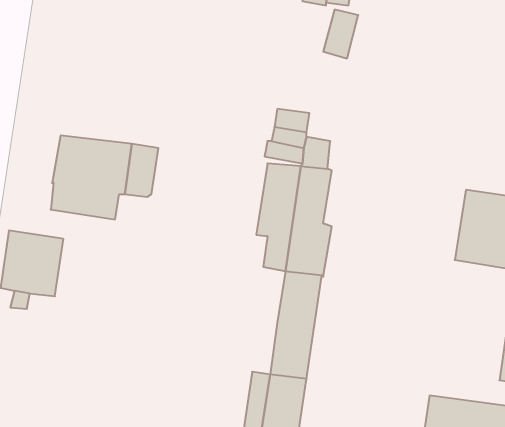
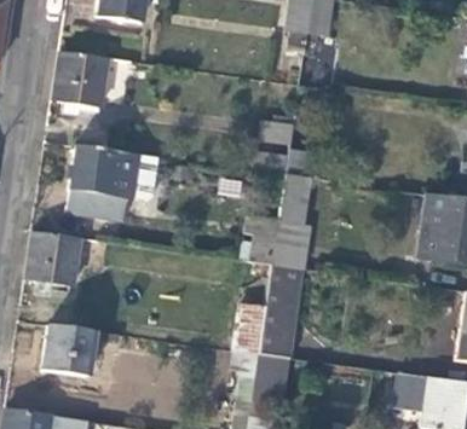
building: none -> [53,51,108,115]
building: none -> [234,303,265,353]
building: none -> [42,324,96,376]

